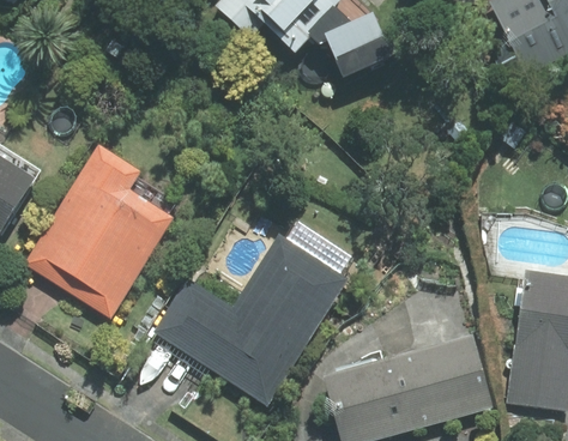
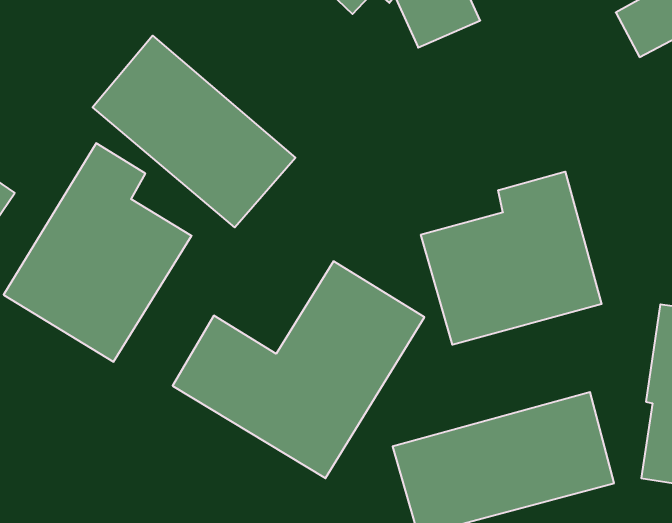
building: none -> [93,36,295,227]
building: none -> [421,172,602,345]

